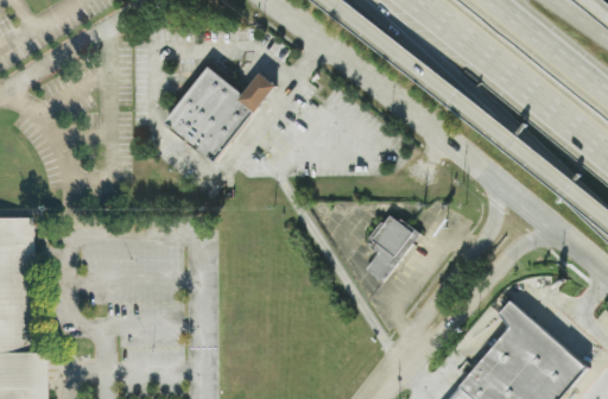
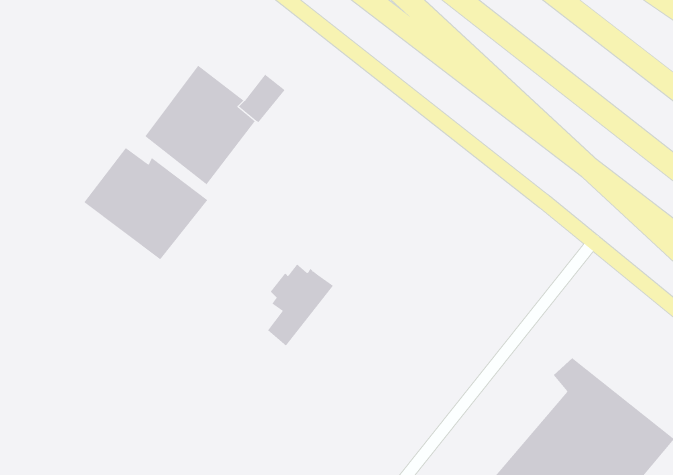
building: none -> [84,147,208,260]
building: [362,215,416,281] -> [267,263,334,347]

